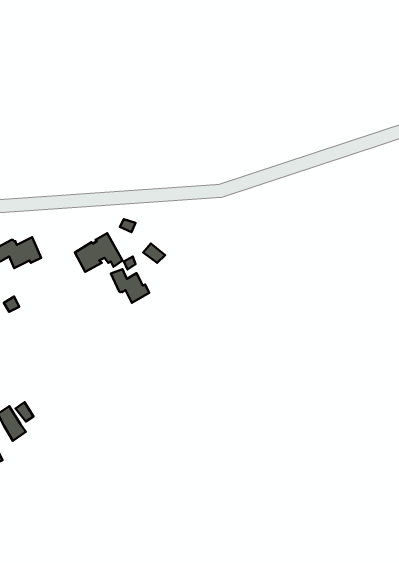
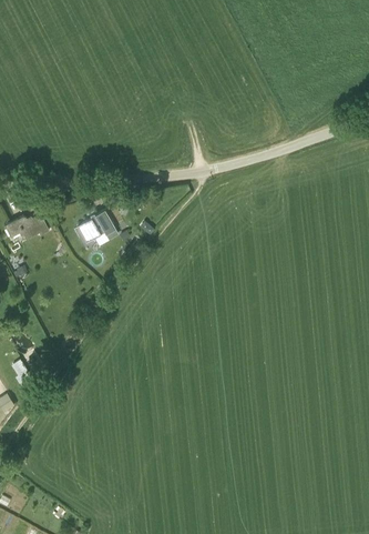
building: [111,269,149,303] -> none

